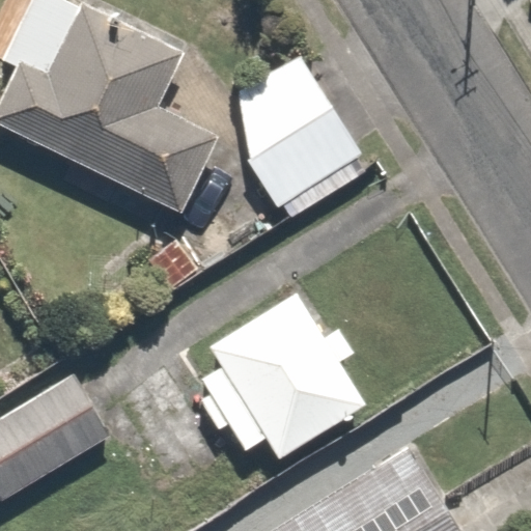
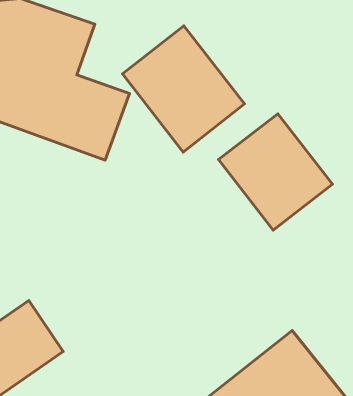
building: none -> [218,114,333,230]
building: [193,297,364,465] -> none

